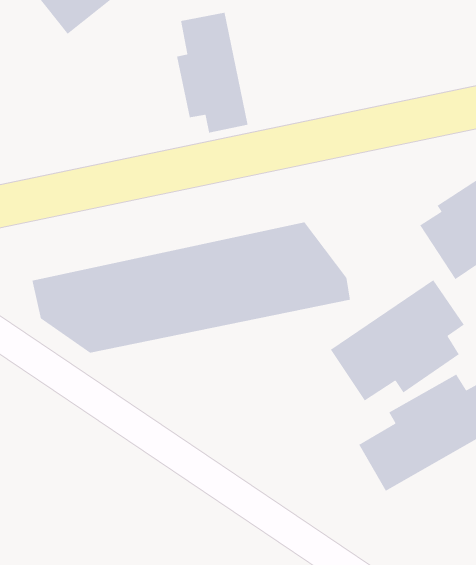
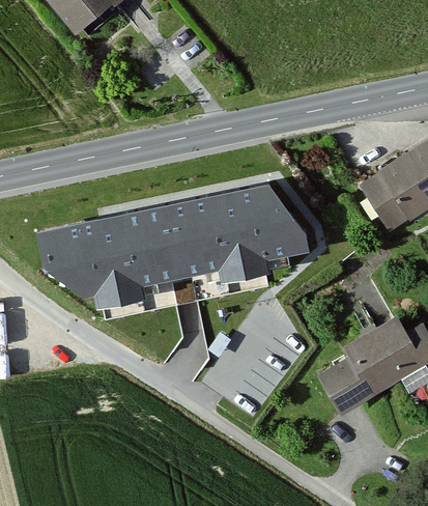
building: [176,12,248,134] -> none
building: [330,279,465,401] -> none

